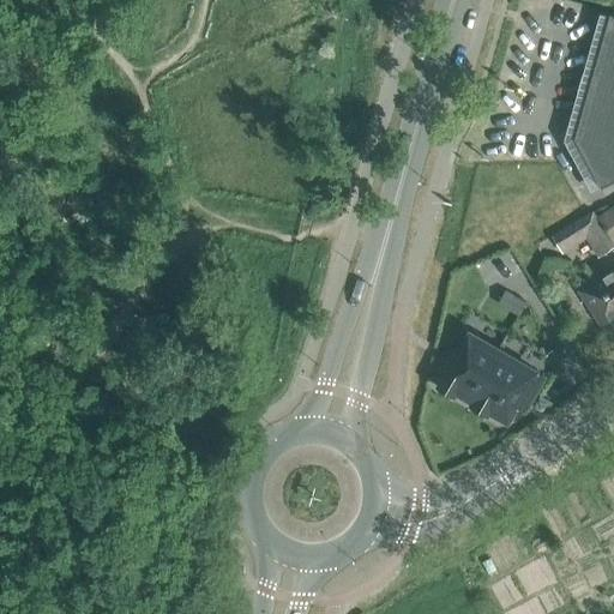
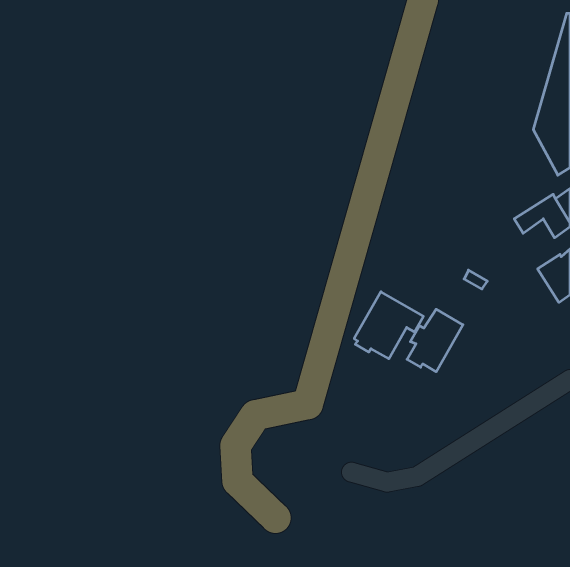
building: [469,353,543,425] -> [354,292,423,359]

